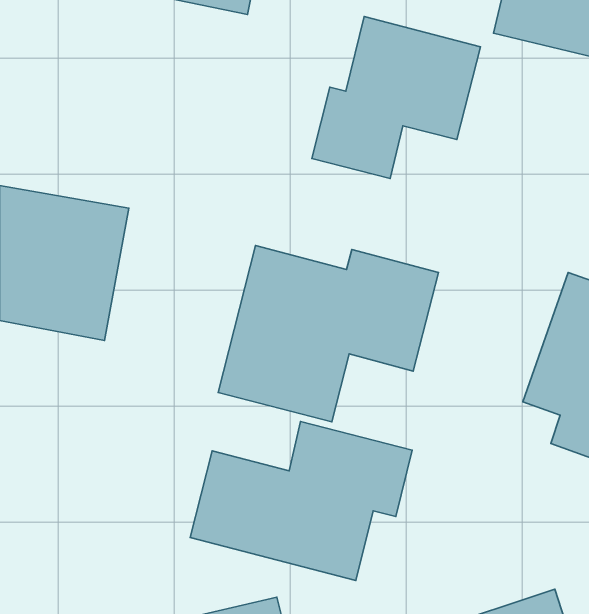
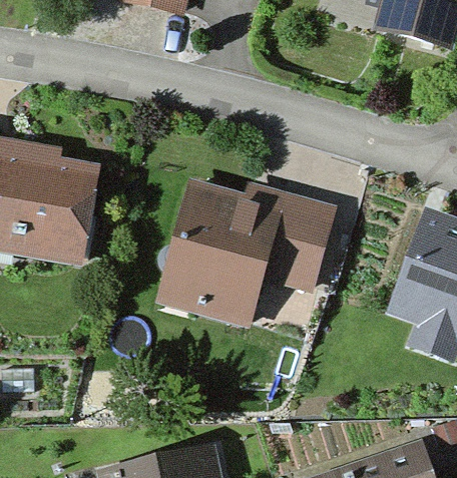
building: [312,17,481,178] -> none
building: [190,422,412,580] -> none

